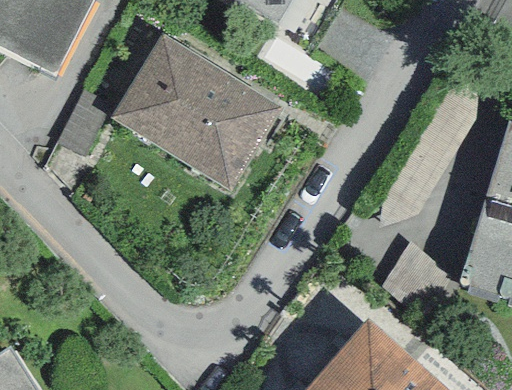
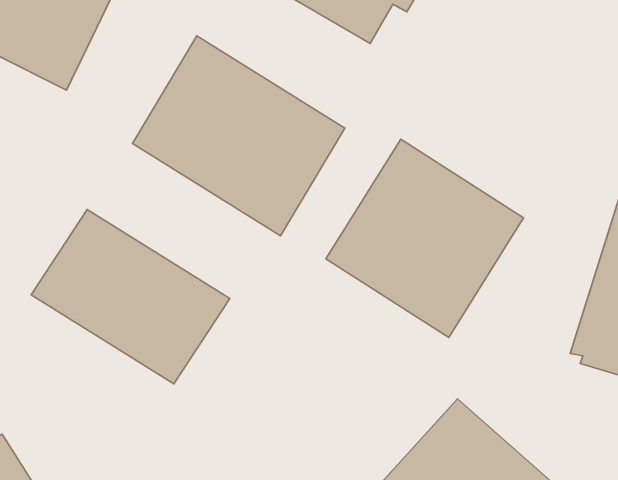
building: none -> [326,139,524,338]
building: none -> [31,209,230,384]

